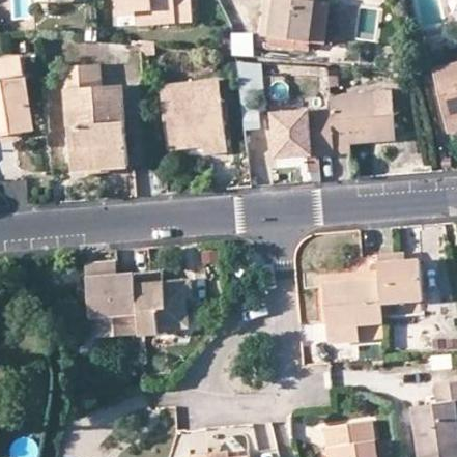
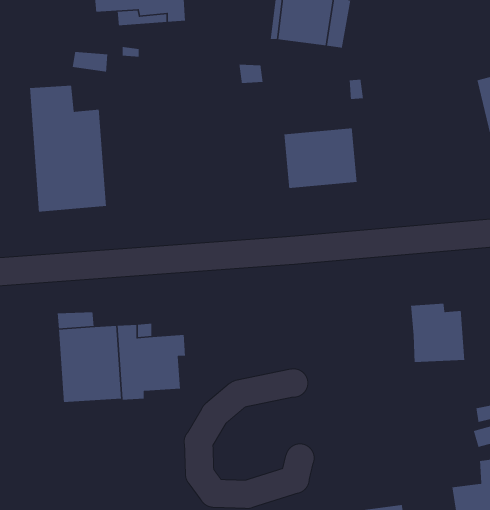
building: [160,81,225,156] -> none
building: [329,91,395,154] -> none
building: [322,281,382,343] -> none

